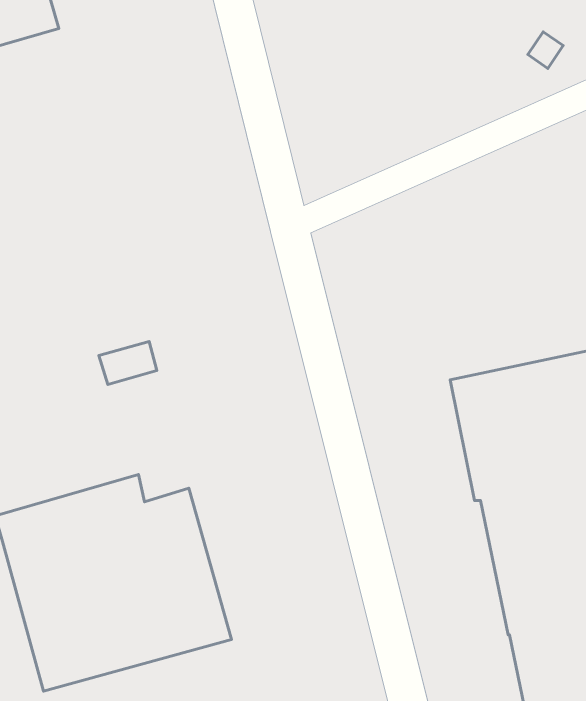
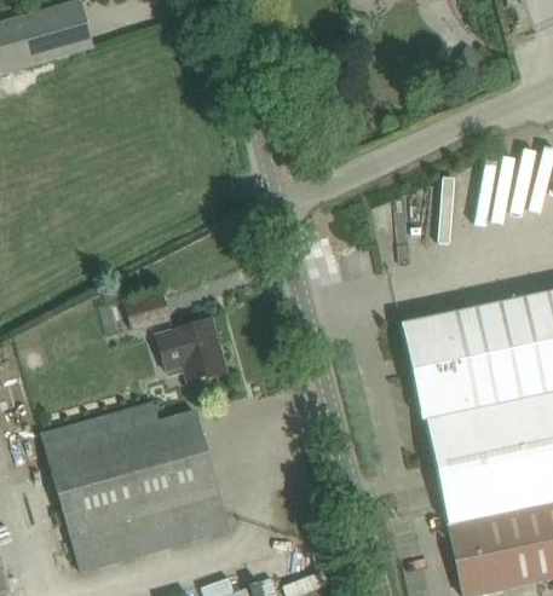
building: none -> [155,317,227,381]

